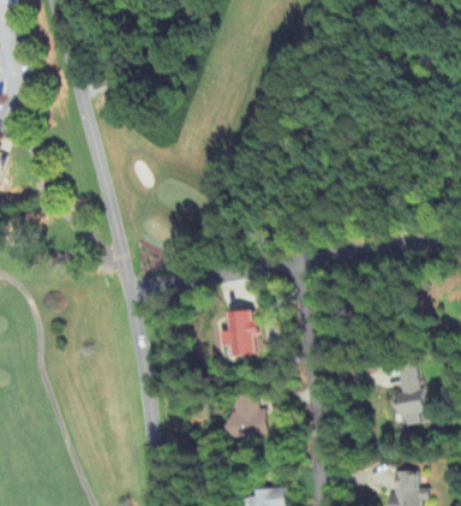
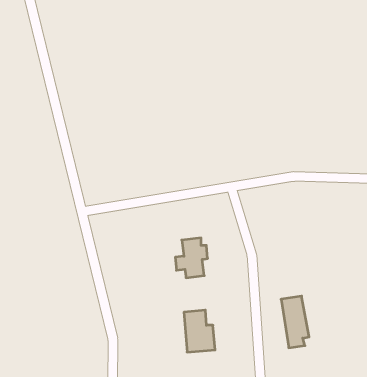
building: [395,368,426,425] -> [281,296,309,348]

